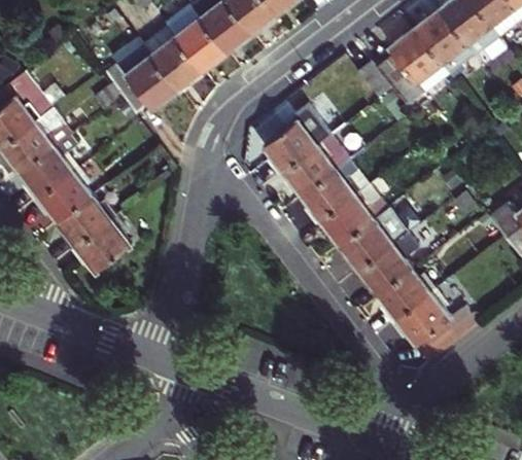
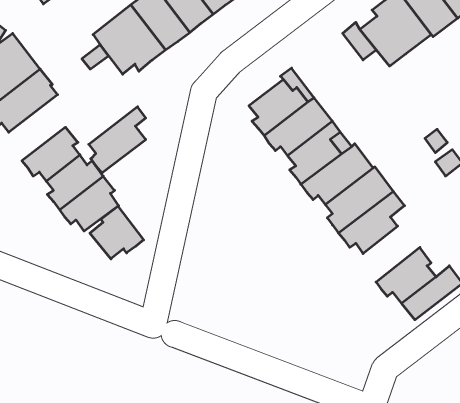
building: [21,133,78,200] -> [89,107,146,173]
building: none -> [90,206,144,259]
building: [379,266,437,322] -> none

